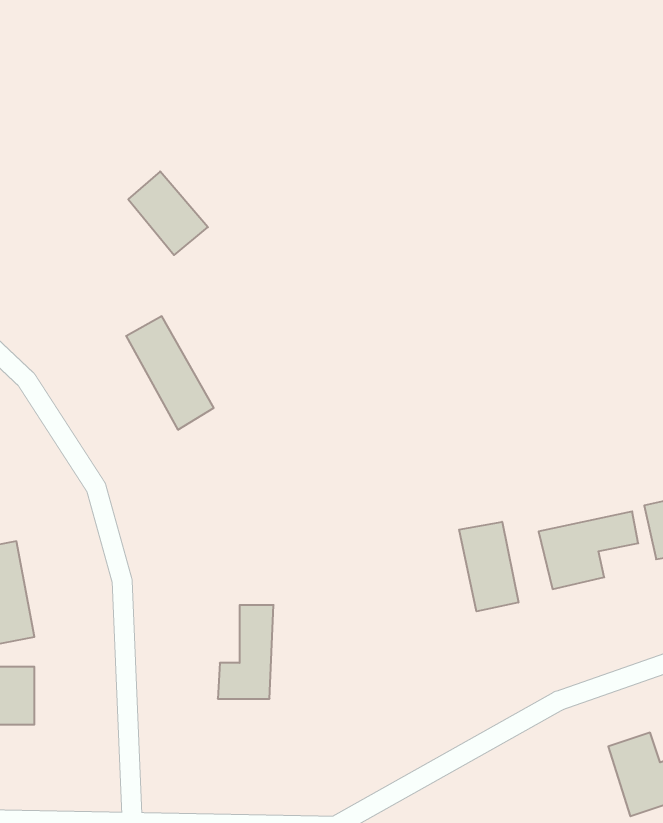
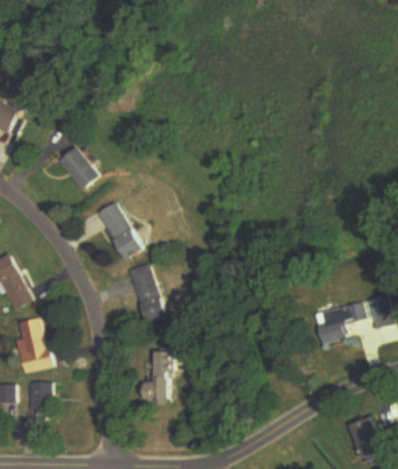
building: [128,171,208,255] -> [57,146,98,189]
building: none -> [129,262,165,322]
building: [459,522,518,611] -> none

